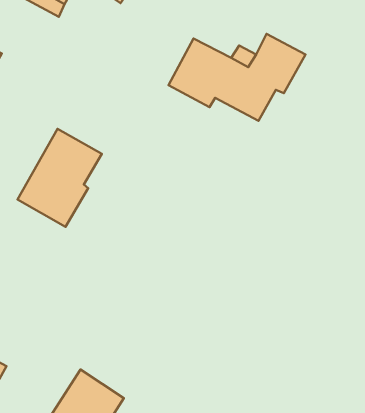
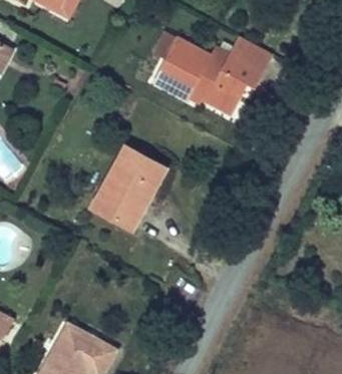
building: [18,129,102,227] -> [93,140,167,227]

